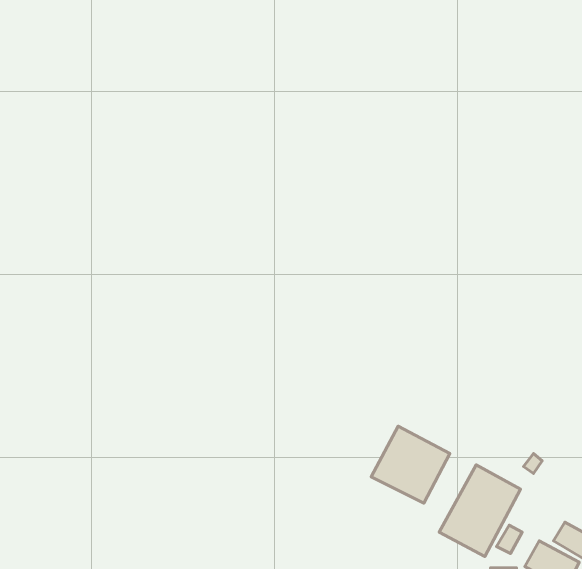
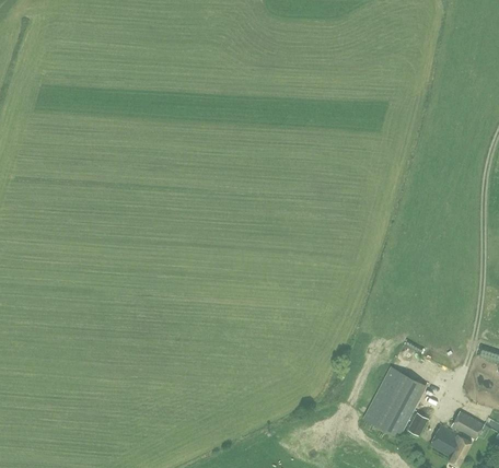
building: [371,426,450,503] -> none

